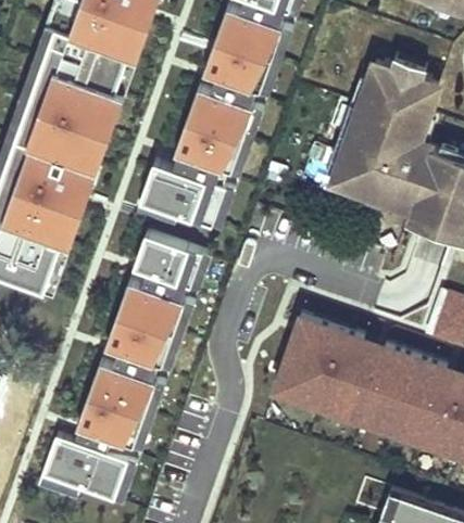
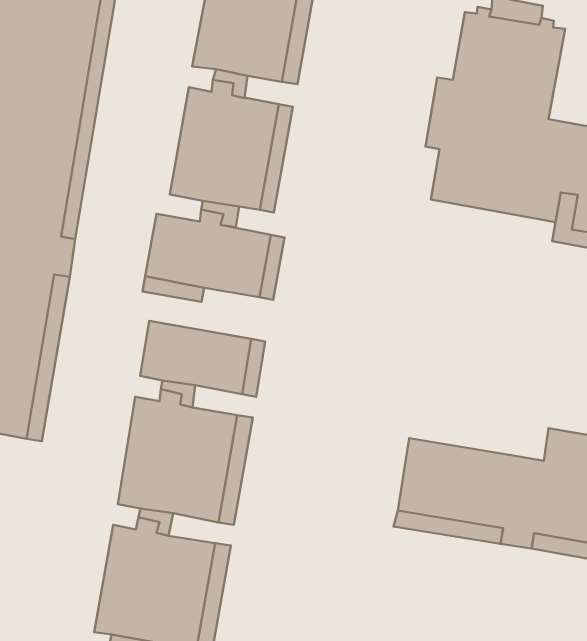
building: [292,316,363,358] -> none

